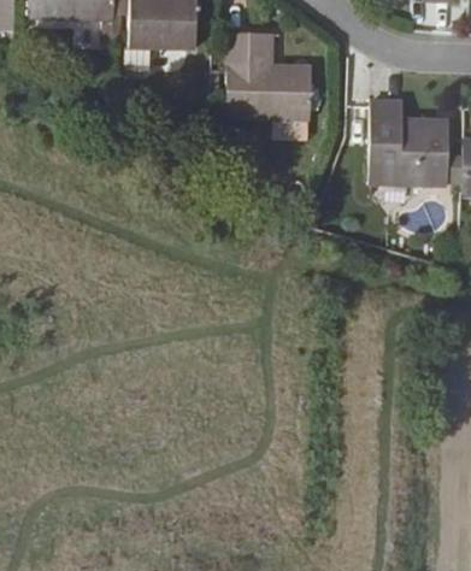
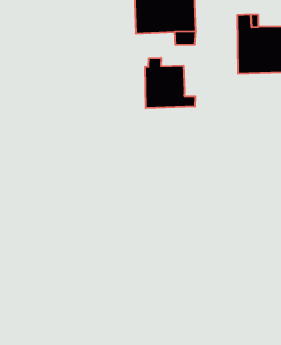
building: none -> [145,58,195,108]

